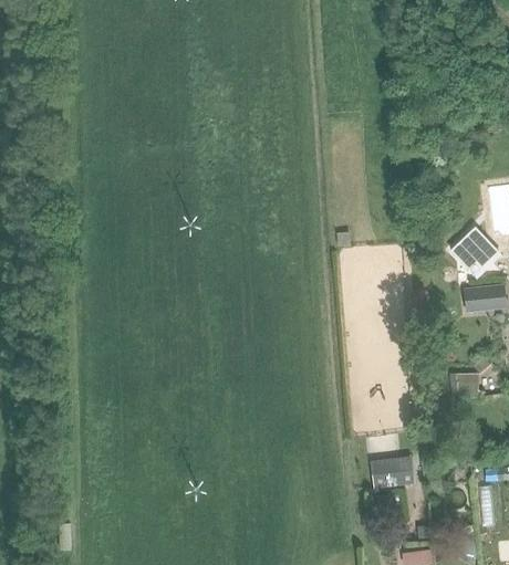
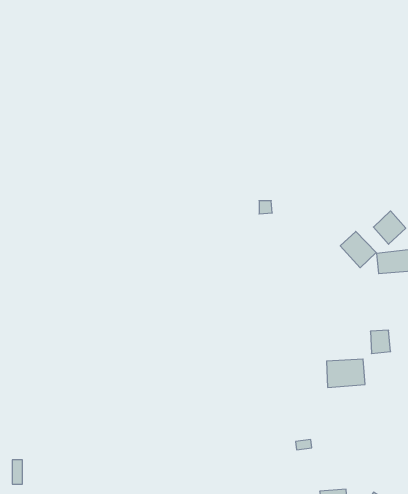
building: none -> [340,231,376,268]
building: [370,454,412,485] -> [327,359,365,387]

